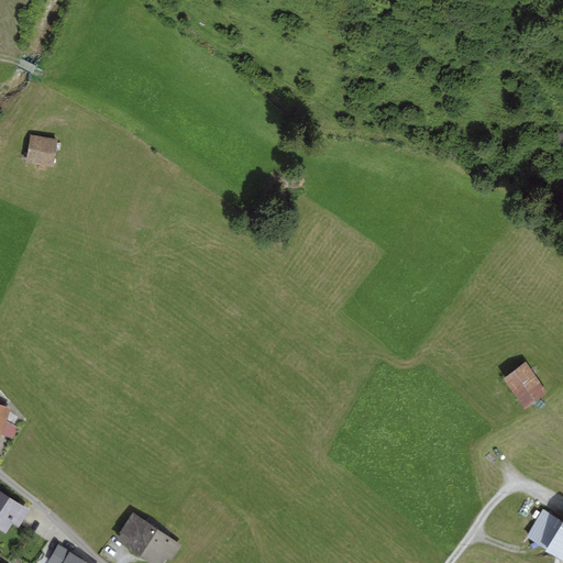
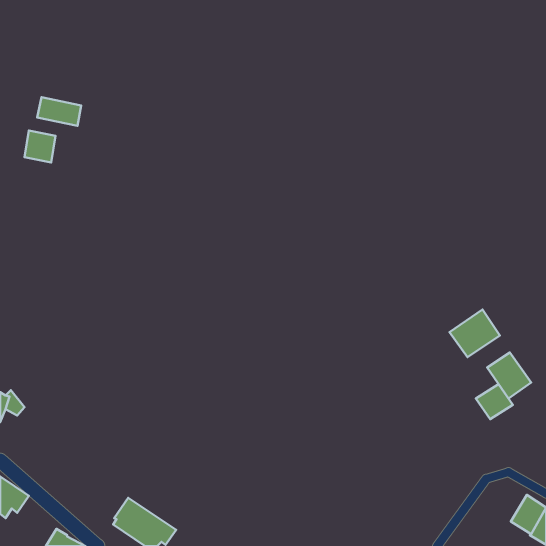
building: none -> [37,97,81,126]
building: none -> [450,309,500,357]
building: none -> [476,384,513,419]

